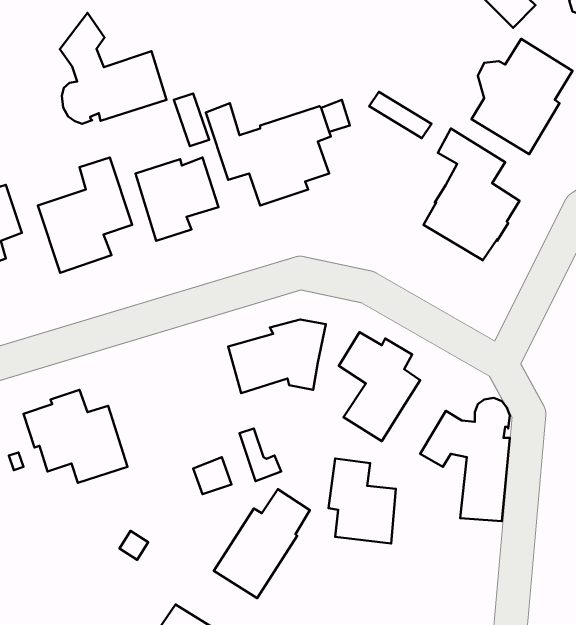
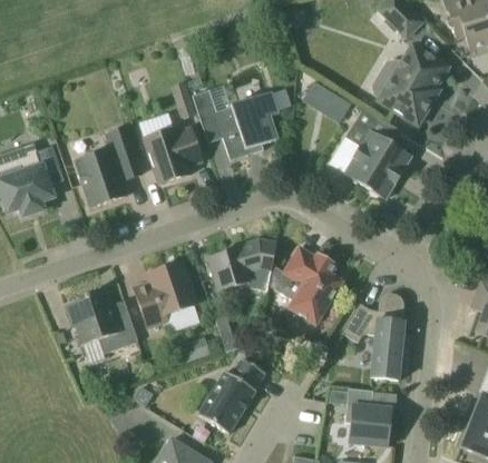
building: [60,13,166,124] -> none
building: none -> [134,262,195,327]
building: [329,458,396,543] -> [343,387,390,446]

